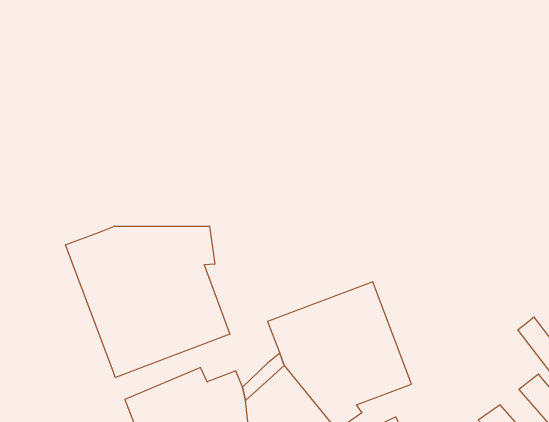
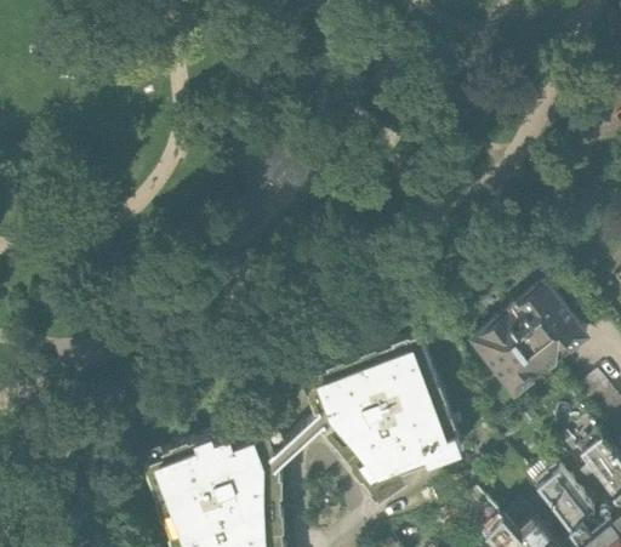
building: [65,226,230,377] -> none
building: none -> [474,283,587,392]

